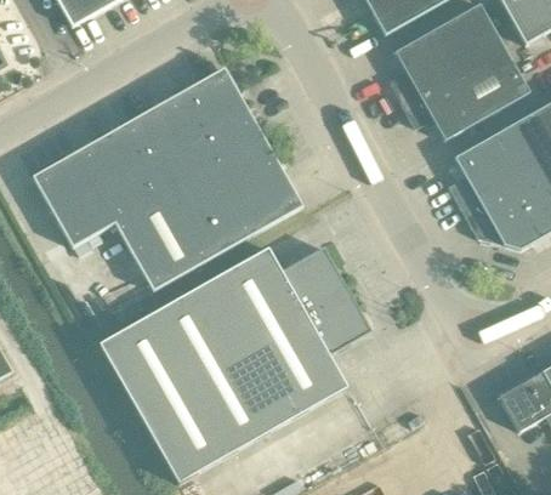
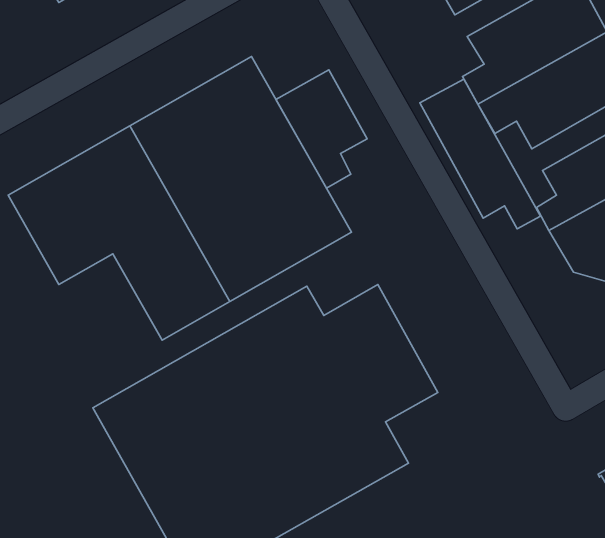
building: none -> [276,70,367,188]
building: none -> [420,79,540,229]

